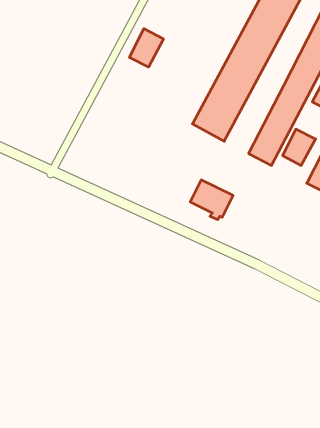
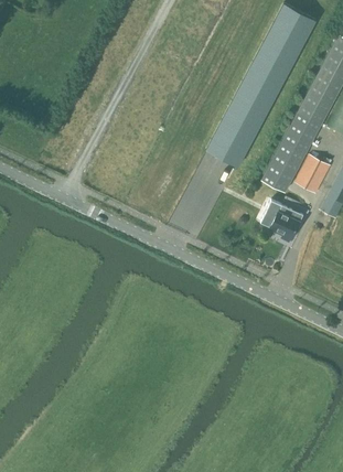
building: [130,29,163,67] -> none
building: [190,180,233,220] -> [261,200,304,239]

